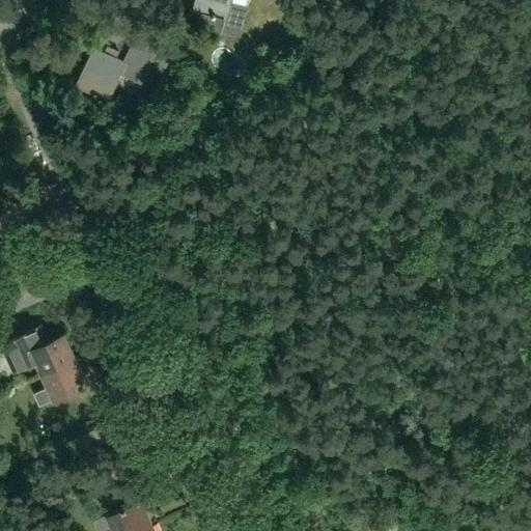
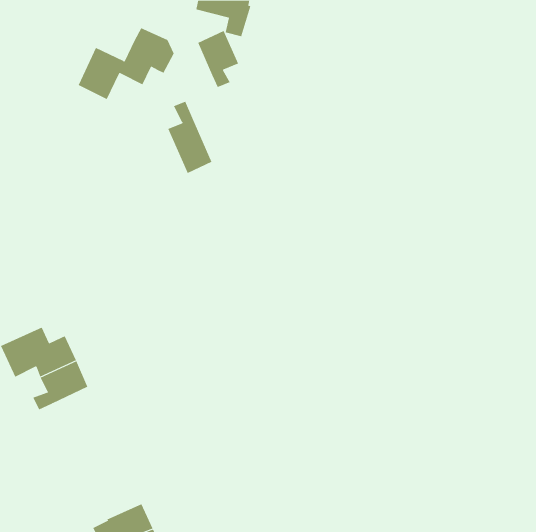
building: none -> [198,30,239,88]
building: none -> [167,101,212,174]

